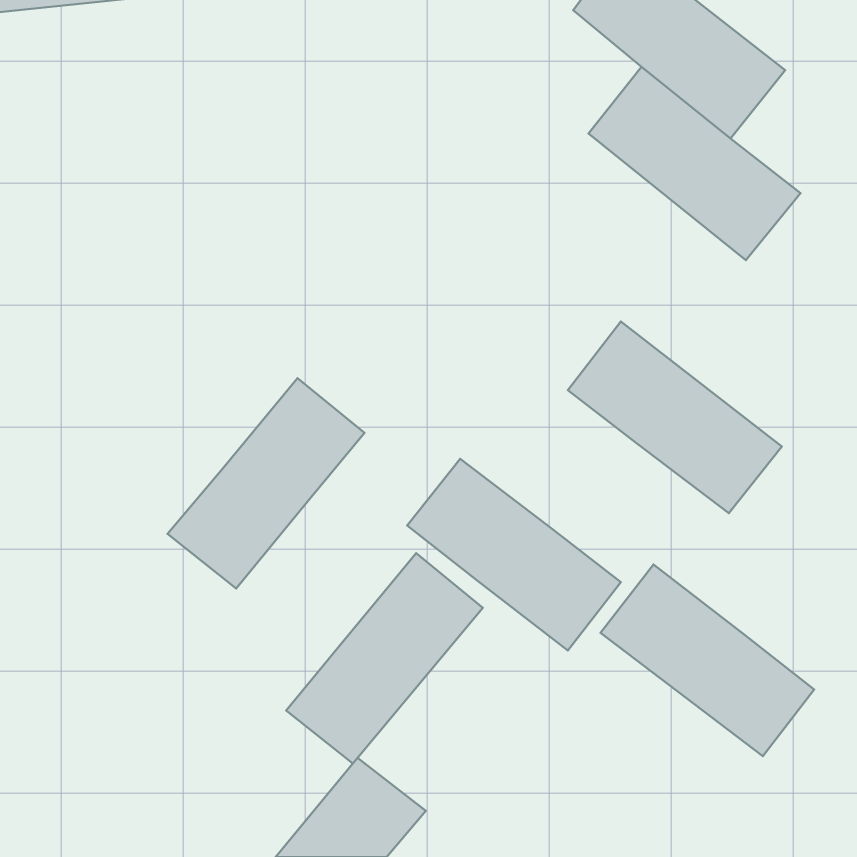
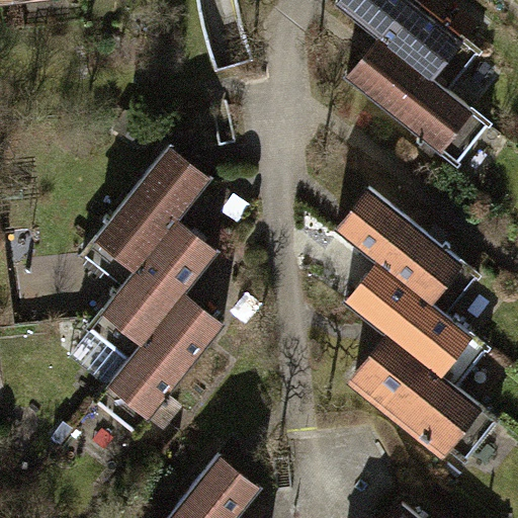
building: none -> [92,152,208,277]
building: [407,459,621,650] -> [345,262,471,375]
building: [286,553,483,763] -> [105,296,222,421]

